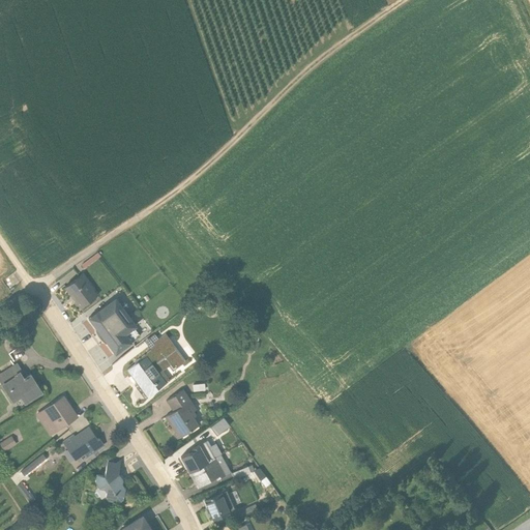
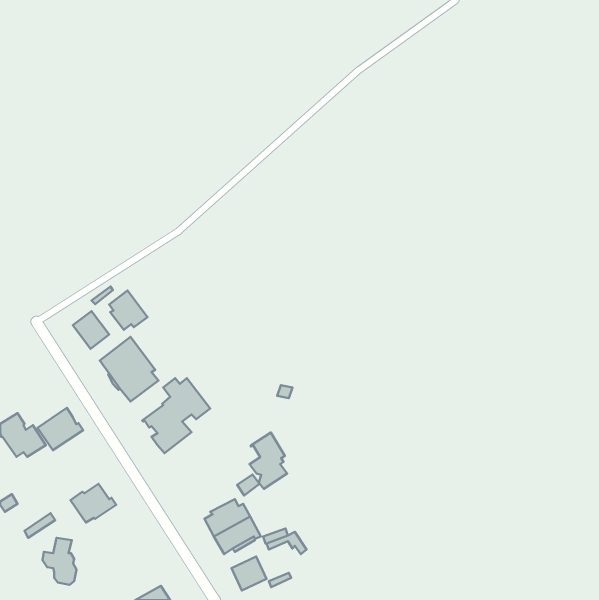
building: none -> [109,290,147,330]
building: [166,389,199,439] -> [250,432,287,489]
building: [36,398,77,435] -> [37,408,83,450]
building: [95,462,125,503] -> [43,538,77,585]

